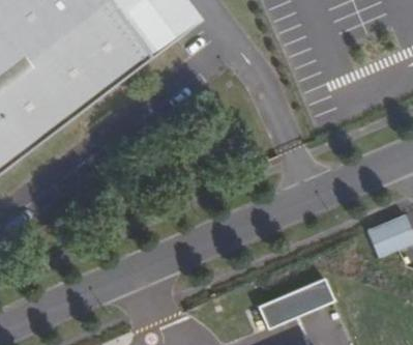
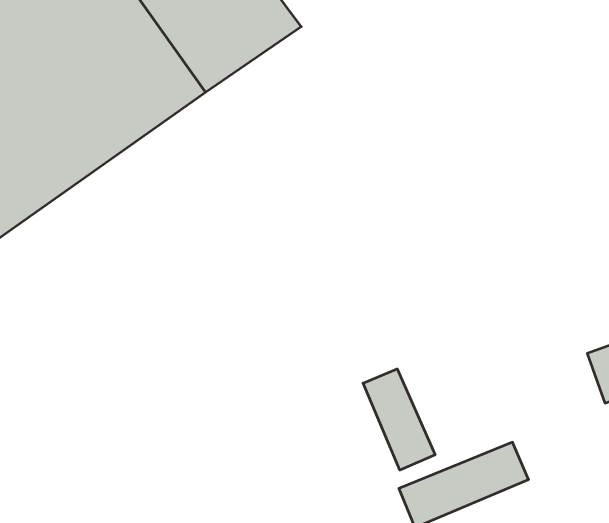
building: none -> [363,369,435,470]

